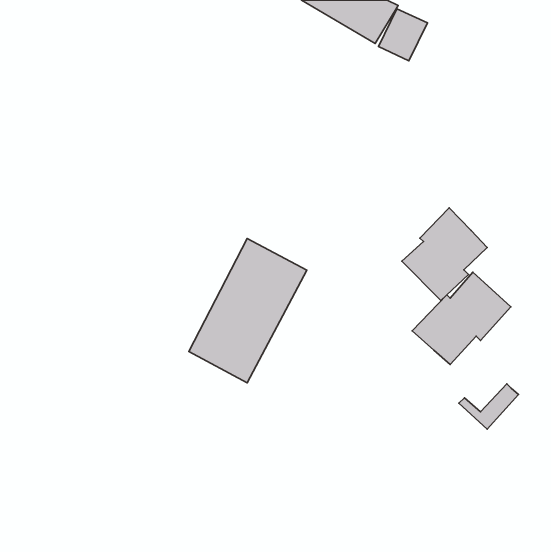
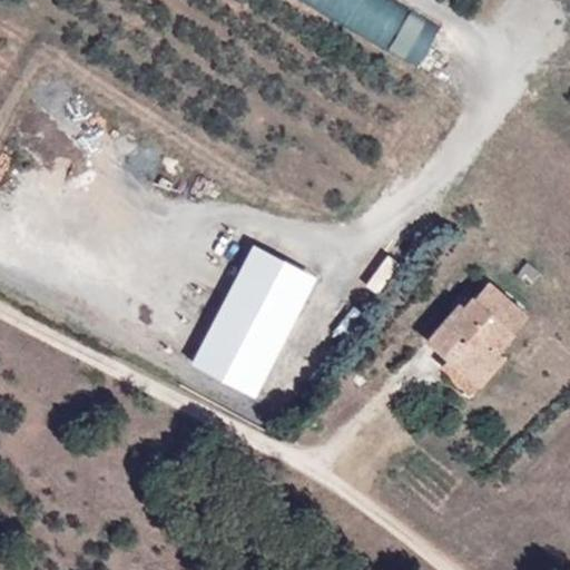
building: [402,208,487,301] -> none
building: [459,384,519,429] -> [440,347,501,394]

